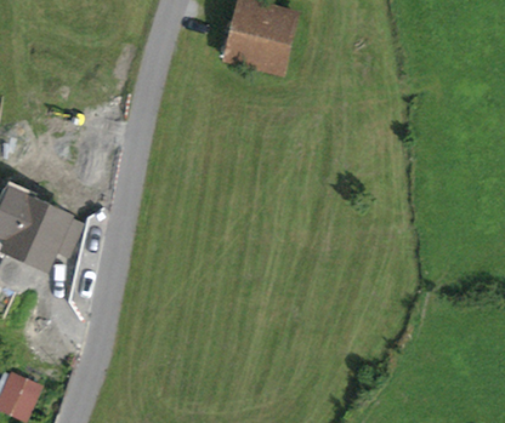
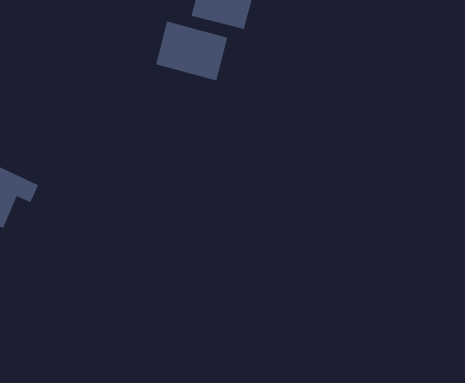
building: none -> [155,21,228,81]

